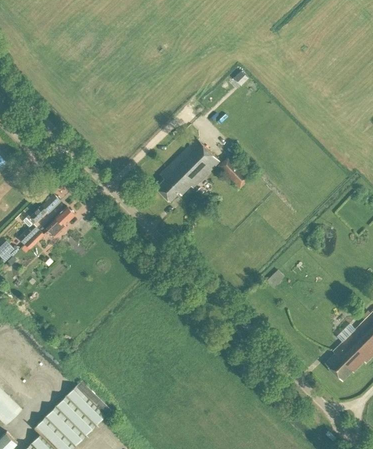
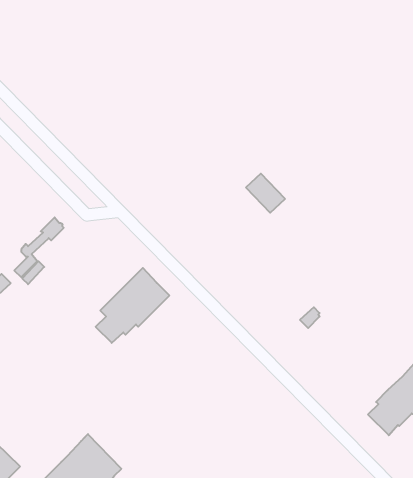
building: [156,137,220,202] -> [96,268,169,343]
building: [47,206,75,238] -> none

